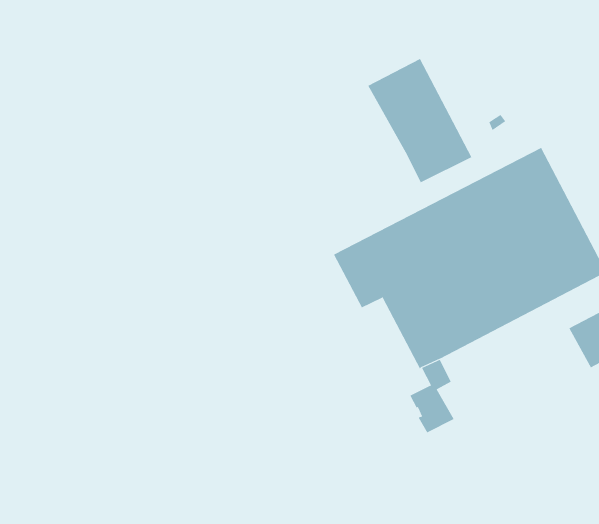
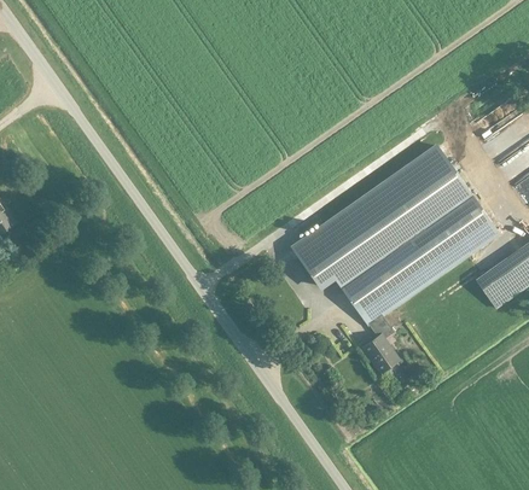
building: [368,58,472,183] -> none

